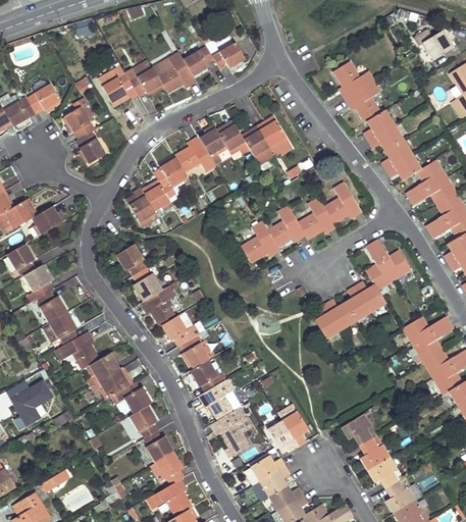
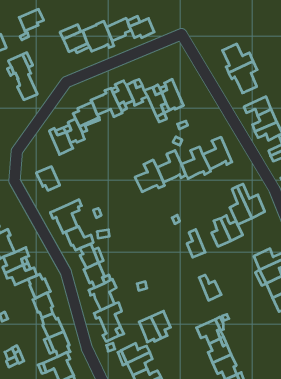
building: [102,73,134,103] -> [19,9,44,31]
building: [364,111,396,141] -> none
building: [134,267,161,301] -> none
building: [326,299,357,330] -> [199,275,221,300]

